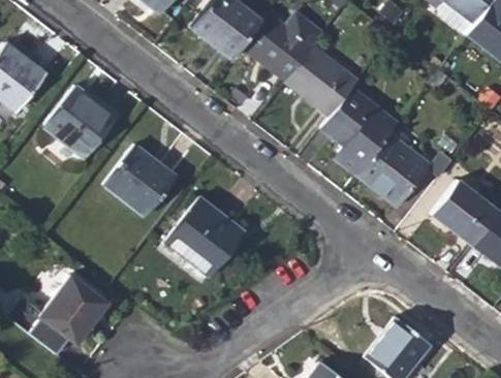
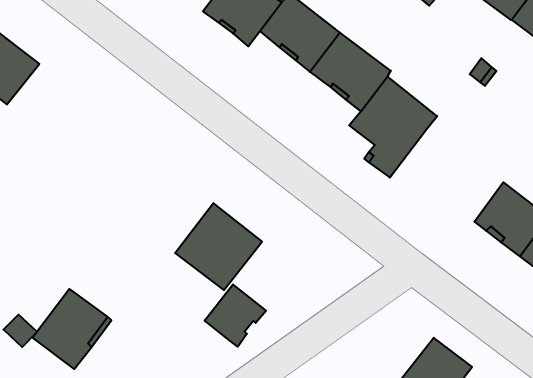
building: [45,87,118,159] -> none
building: [357,132,432,207] -> none
building: [104,145,177,217] -> none
building: none -> [205,284,266,347]

